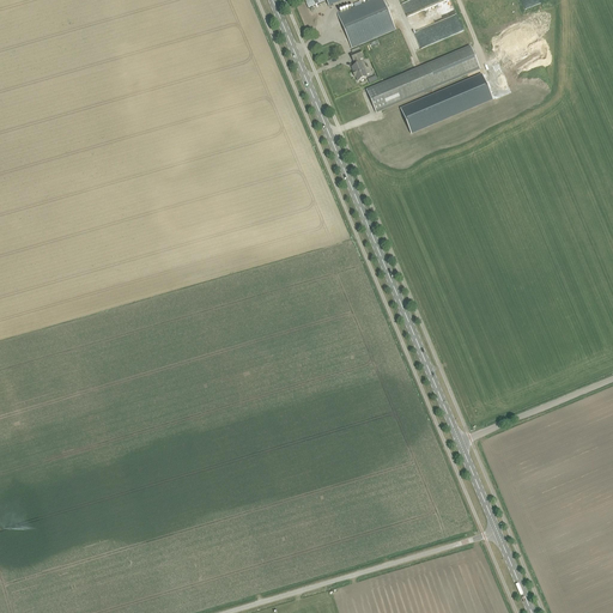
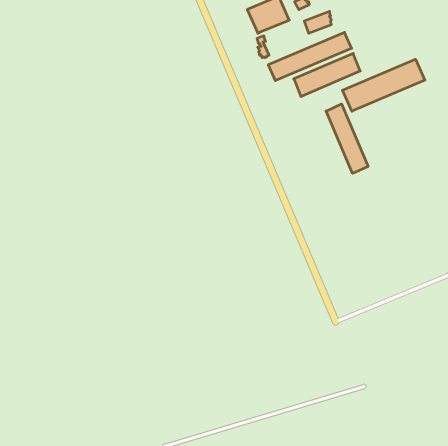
building: none -> [342,59,425,111]
building: none -> [326,104,368,173]

